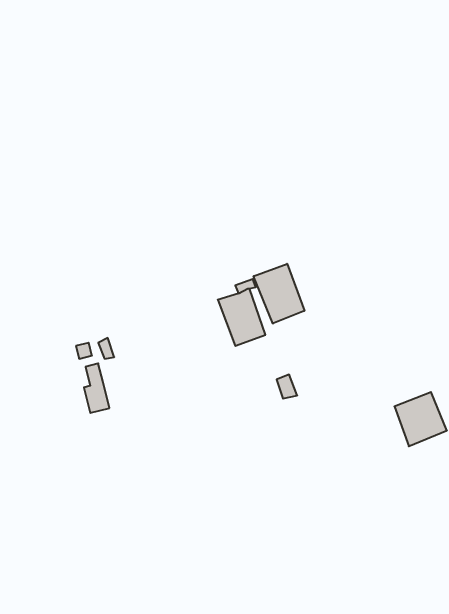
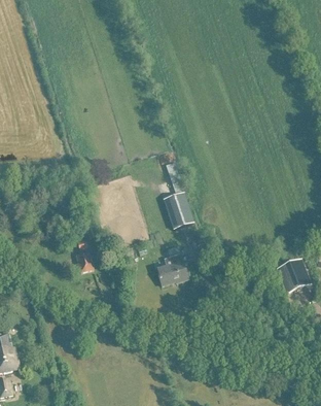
building: [254,264,304,324] -> none
building: none -> [157,245,189,285]

